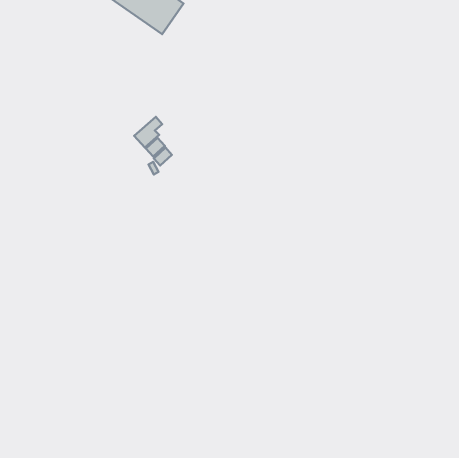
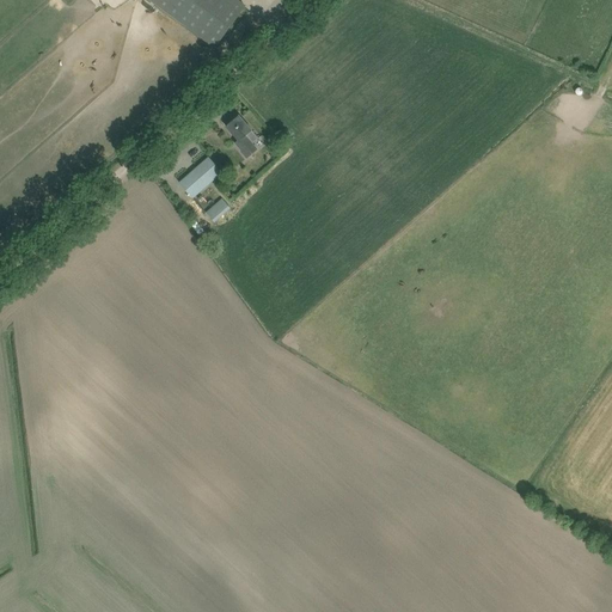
building: none -> [225,114,257,155]

